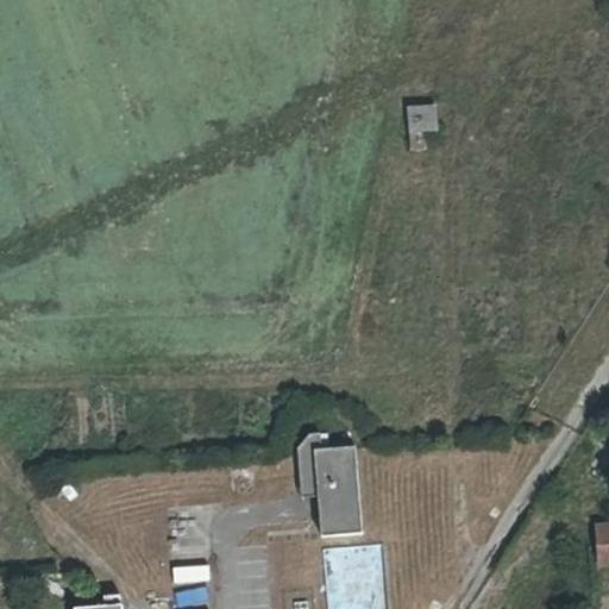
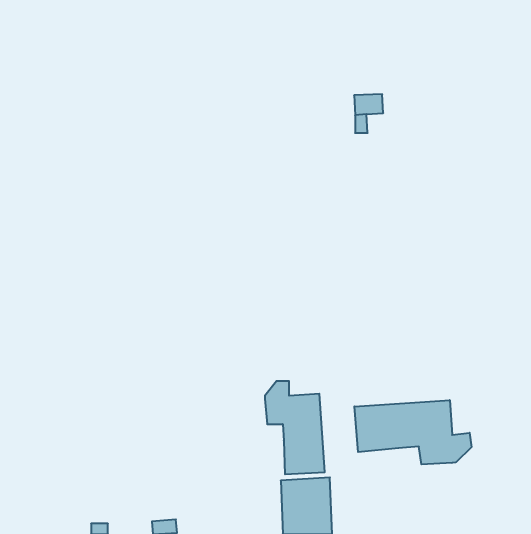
building: none -> [354,400,472,464]

